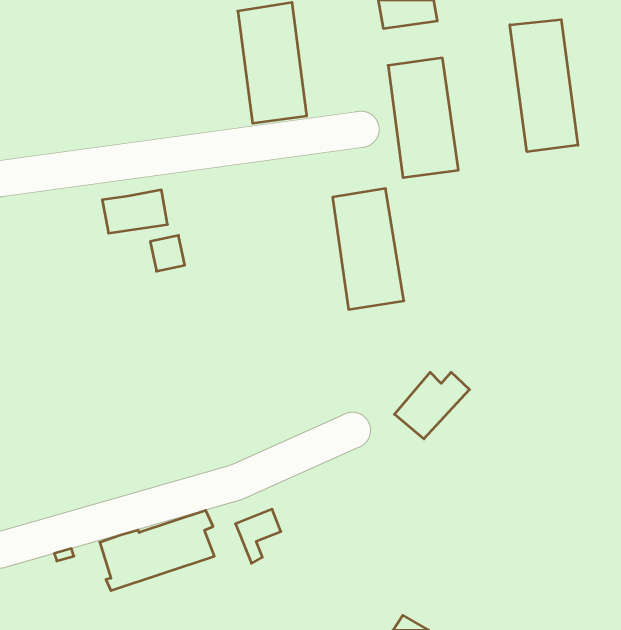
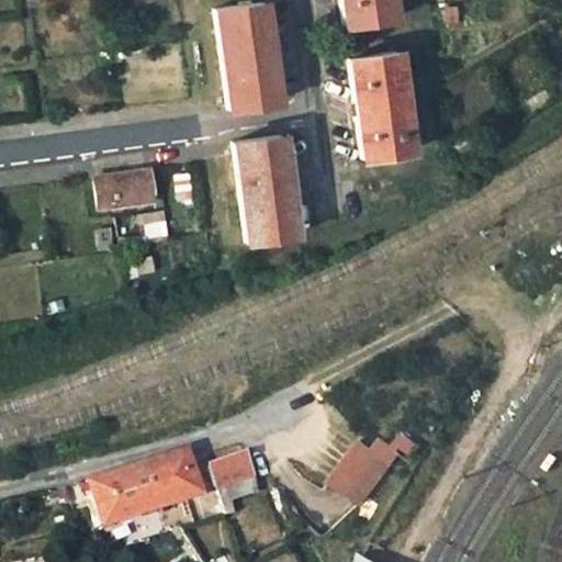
building: [510,20,578,152] -> none
building: [333,189,404,309] -> [237,135,301,243]
building: [394,372,470,439] -> [333,443,400,503]

